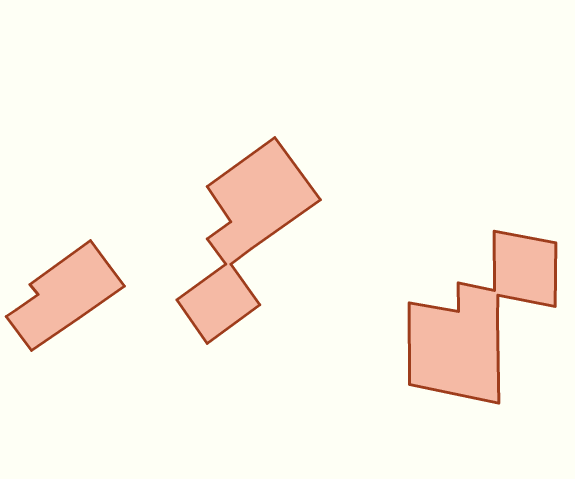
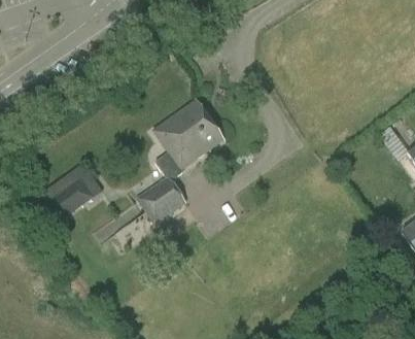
building: [409,231,556,403] -> none

